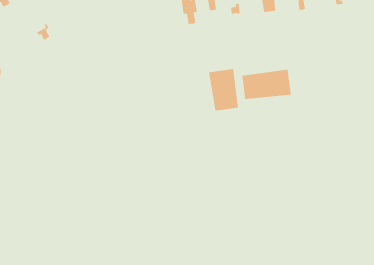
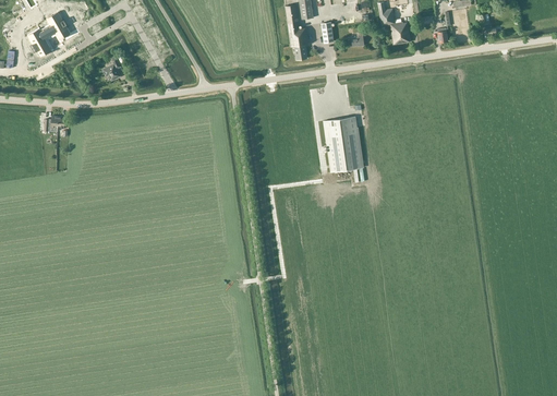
building: [242,69,291,100] -> none

